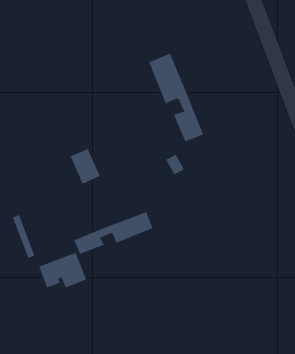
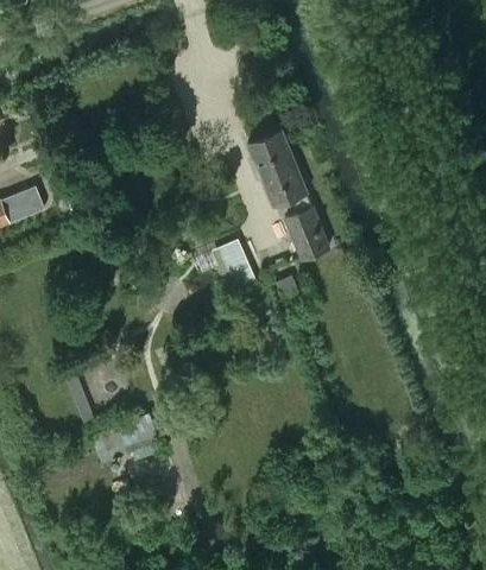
building: [70,148,101,185] -> [210,239,254,290]
building: [73,211,153,255] -> none

